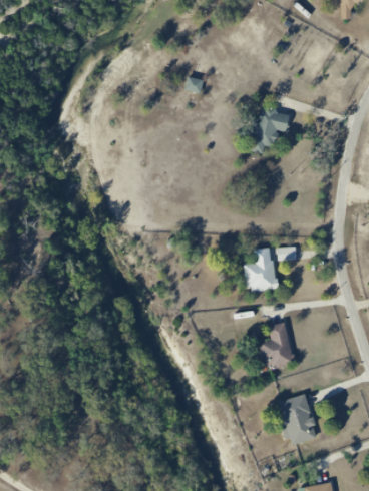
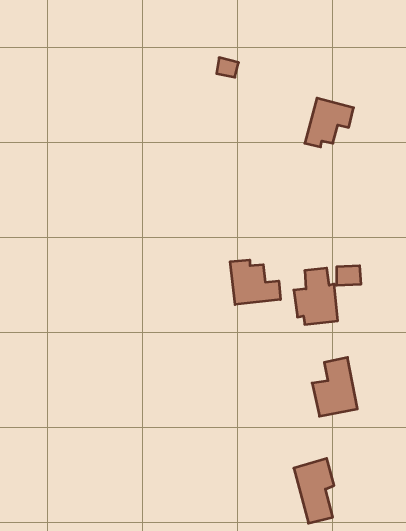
building: none -> [230,260,280,305]
building: [282,392,315,445] -> [294,458,334,523]

